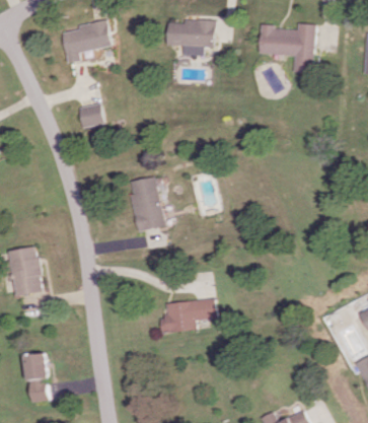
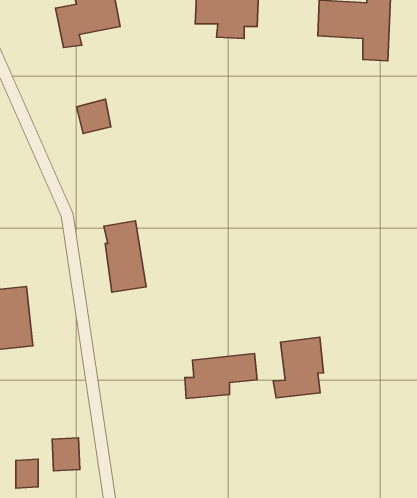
building: [130,177,162,231] -> [104,221,146,292]
building: none -> [273,337,324,398]
building: [25,354,47,379] -> [52,438,80,471]

